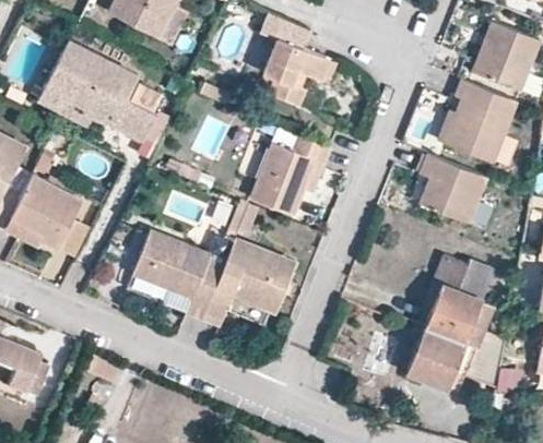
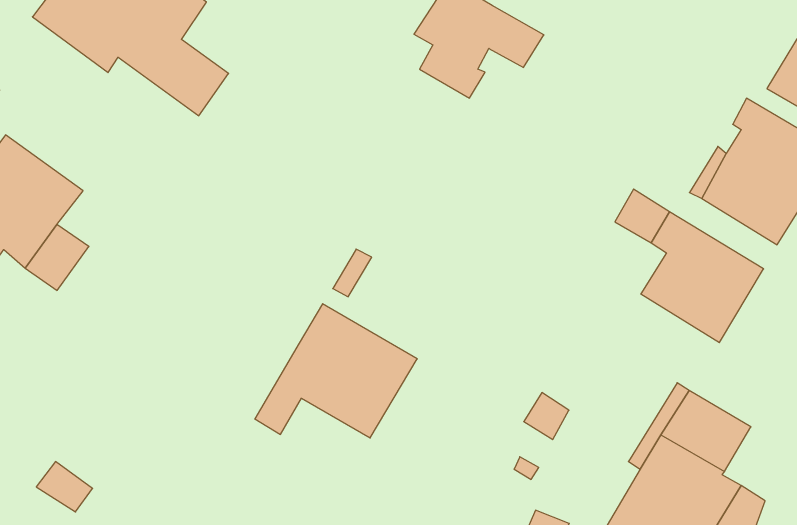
building: [249,135,330,214] -> none
building: [133,230,224,320] -> none

